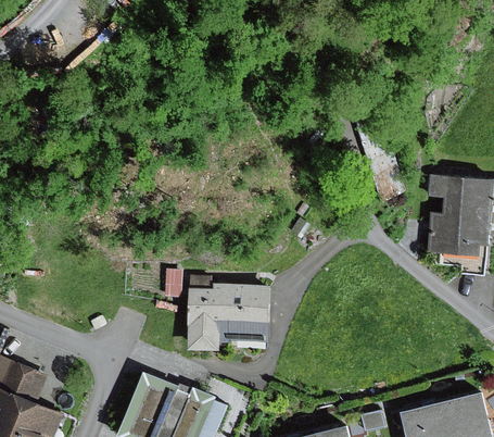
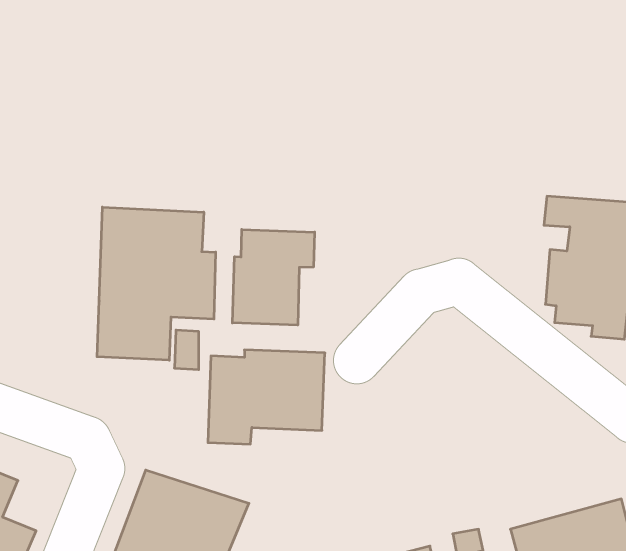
building: none -> [97,207,216,360]
building: none -> [232,229,315,325]

